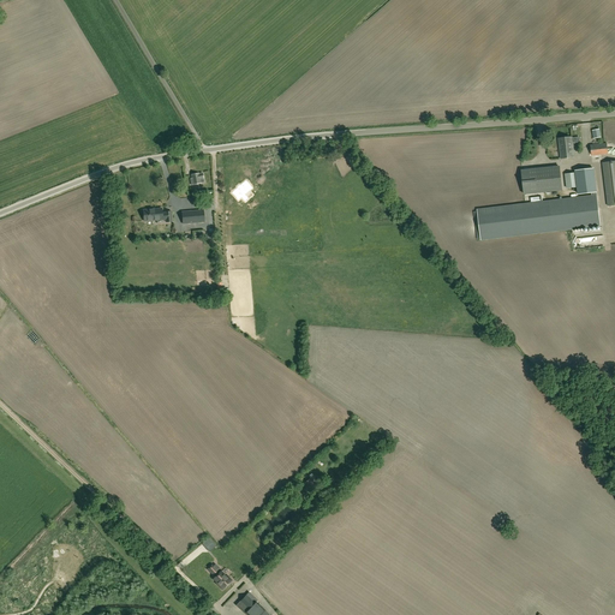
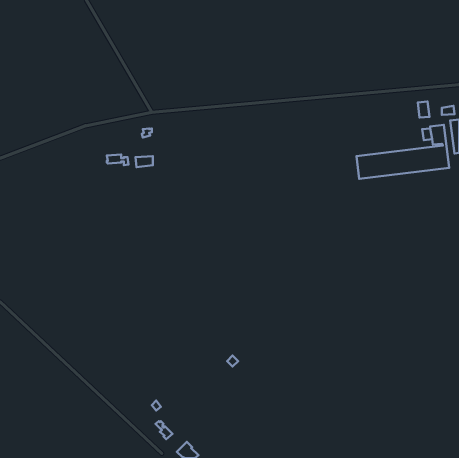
building: [521,166,561,193] -> none

